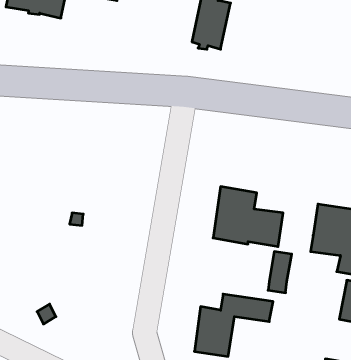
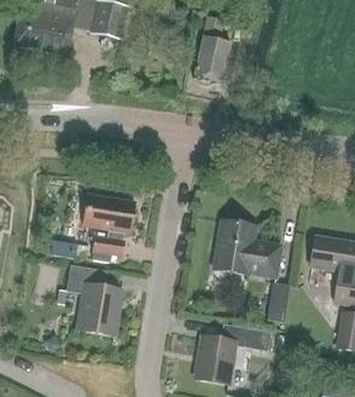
building: none -> [83,195,135,255]
building: none -> [66,264,121,335]

